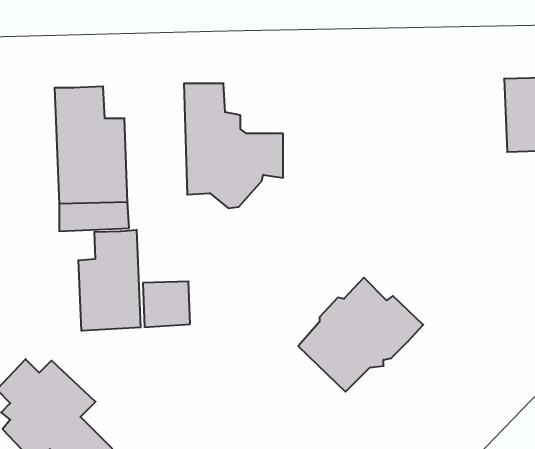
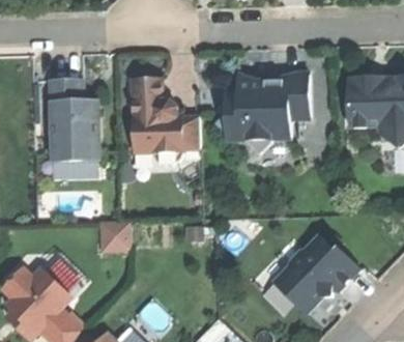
building: none -> [217,70,310,151]
building: [78,230,141,331] -> none
building: [298,278,423,392] -> [275,233,359,311]

